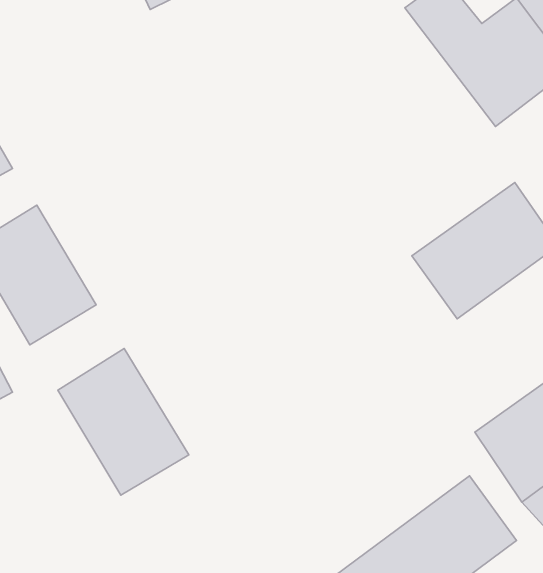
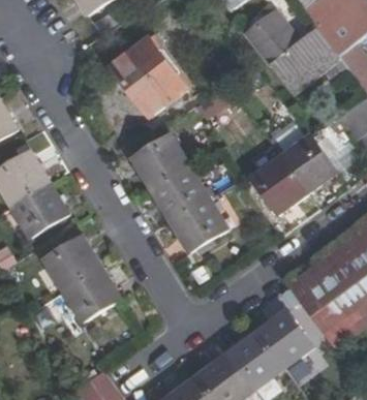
building: none -> [113,33,194,116]
building: none -> [129,131,225,250]

